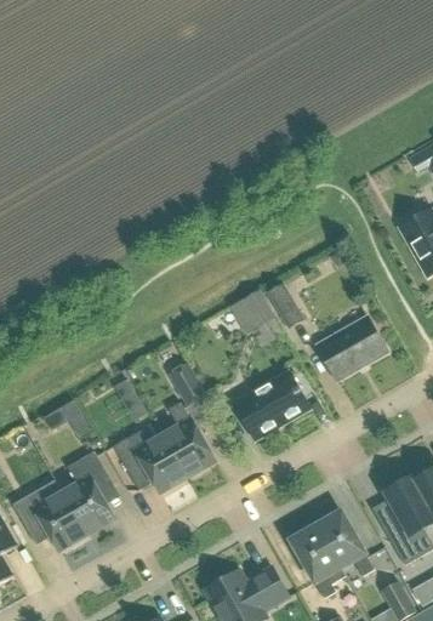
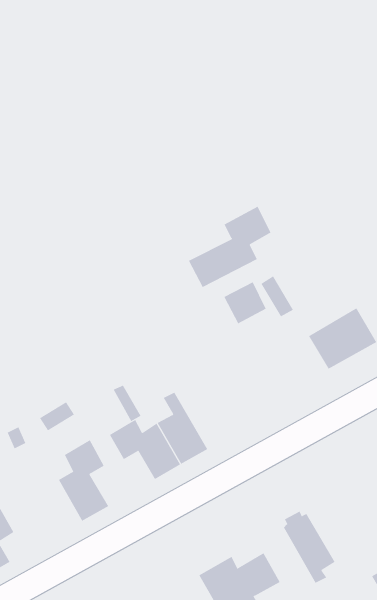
building: none -> [188,206,271,288]
building: [167,360,206,404] -> none
building: [235,372,309,437] -> none
building: [12,488,86,549] -> none
building: [315,508,374,575] -> none

